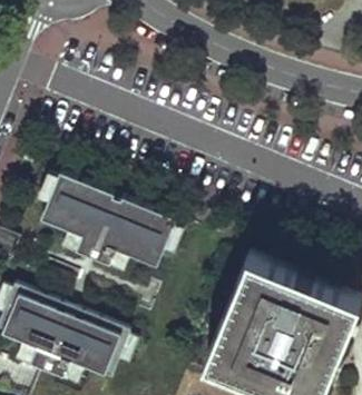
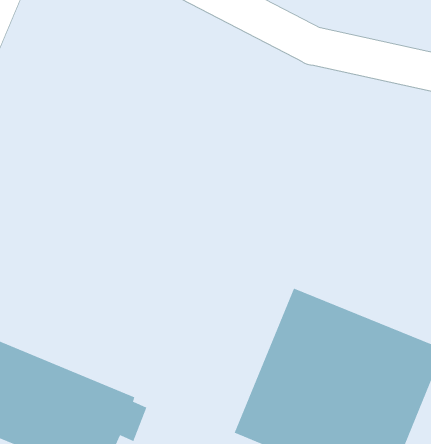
building: [40,175,187,274] -> none

